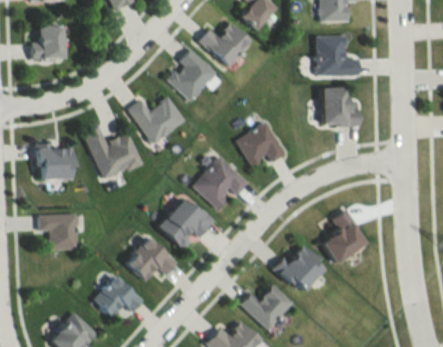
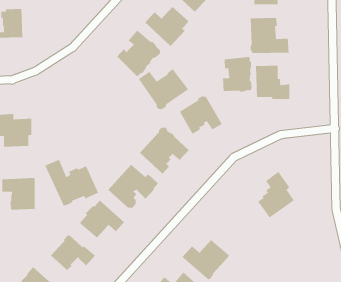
building: none -> [222,56,252,92]
building: [128,98,185,145] -> [138,68,189,110]
building: [82,127,143,180] -> [44,159,99,207]
building: [273,242,323,288] -> none

